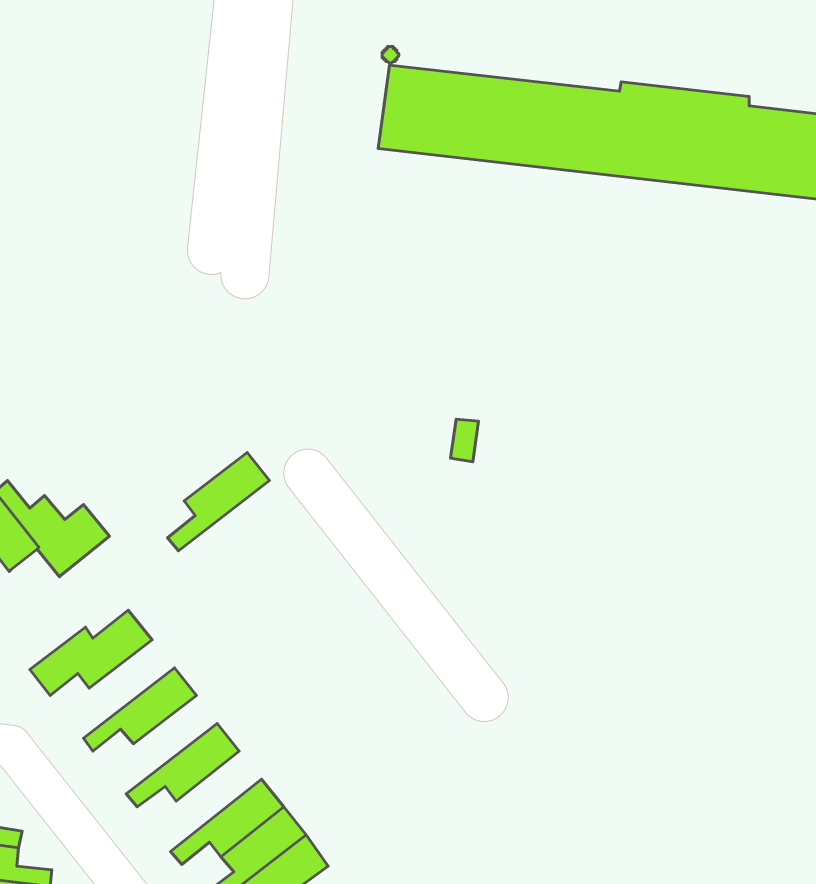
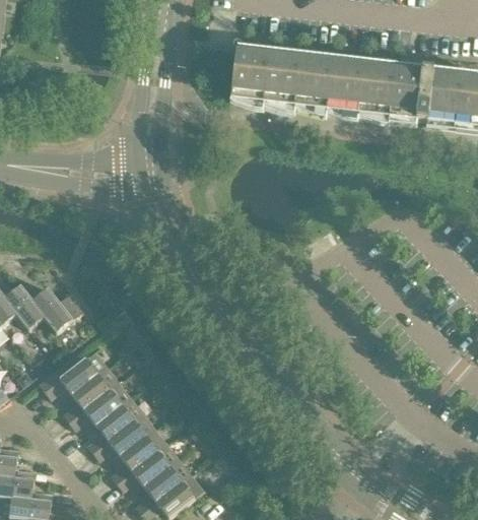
building: [168,453,269,551] -> [61,366,117,419]
building: none -> [85,396,140,450]
building: none -> [110,427,164,481]

